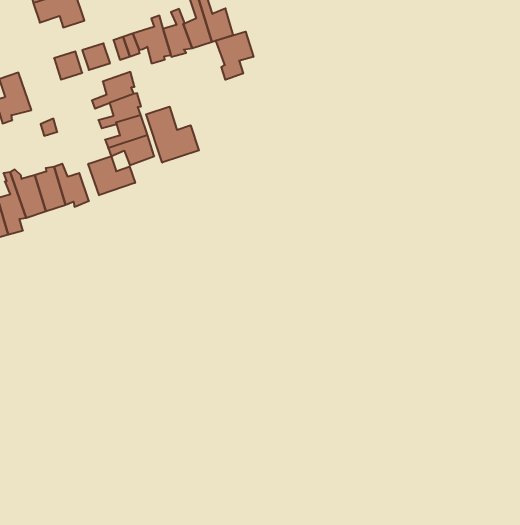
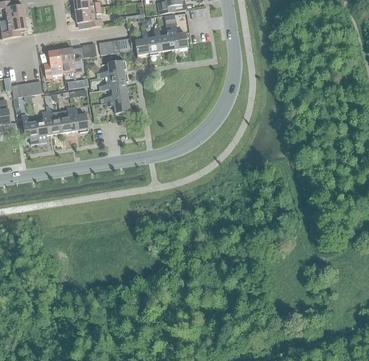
building: [216,32,253,80] -> none
building: none -> [59,47,82,72]
building: [146,107,199,163] -> none
building: [88,156,135,195] -> none

